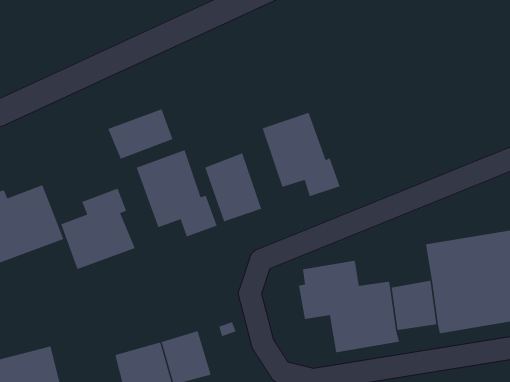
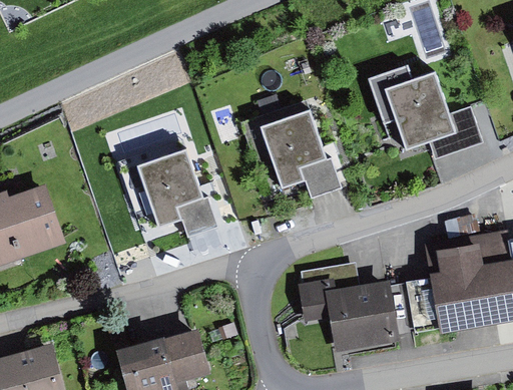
building: none -> [368,65,481,154]
building: [108,109,173,159] -> none
building: [204,153,262,222] -> none
building: [60,188,135,270] -> none

